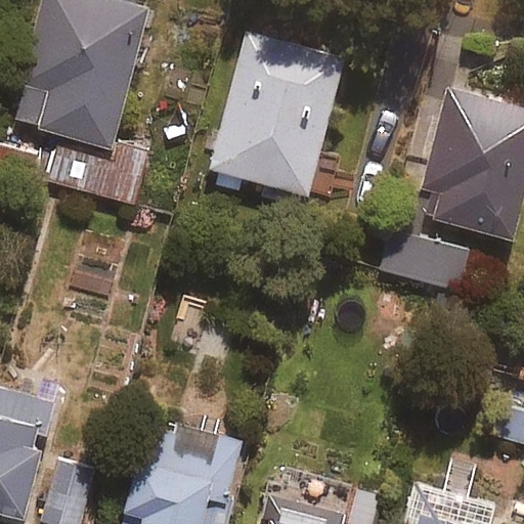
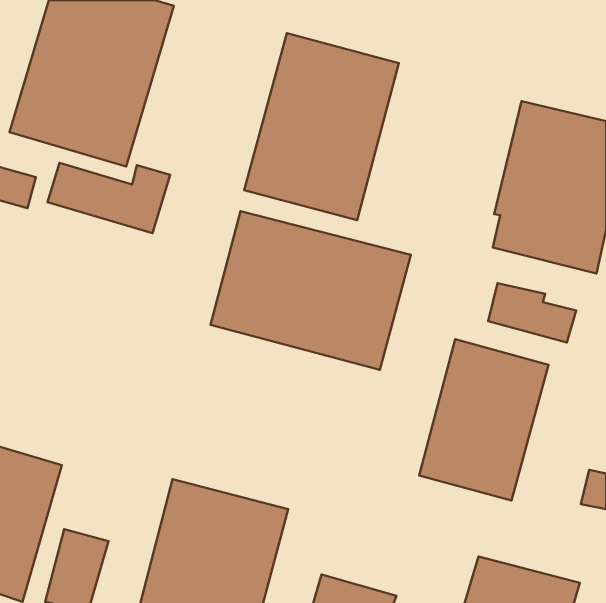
building: none -> [210,211,411,370]
building: none -> [419,339,549,501]

